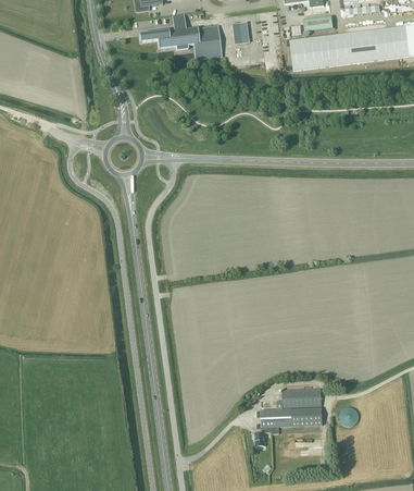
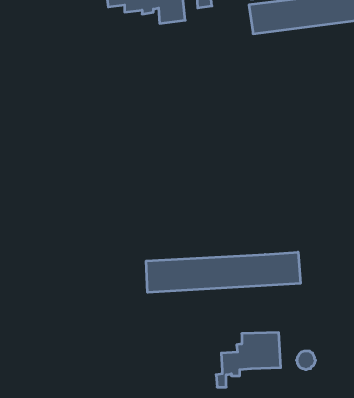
building: none -> [146,252,300,292]

